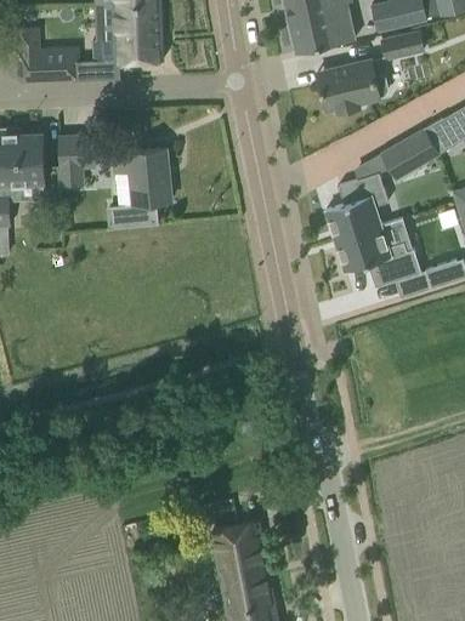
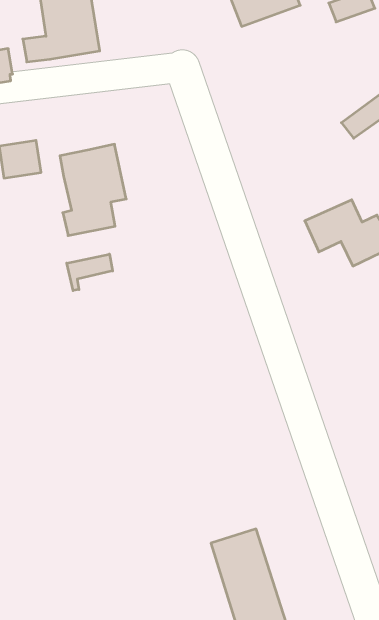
building: [317,59,389,113] -> none
building: [325,172,386,240] -> none
building: none -> [67,254,113,291]

